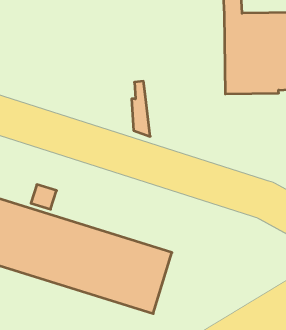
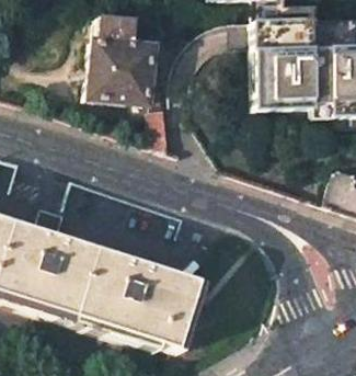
building: none -> [90,16,156,104]

